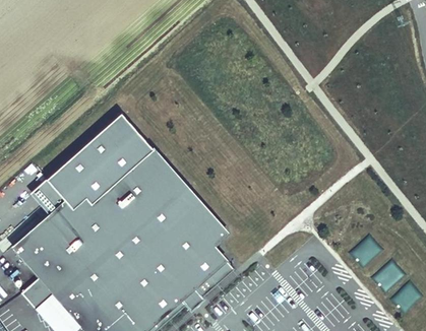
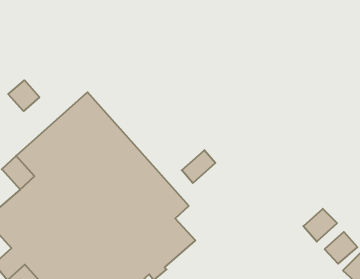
building: none -> [8,80,39,111]
building: none -> [182,150,215,183]

